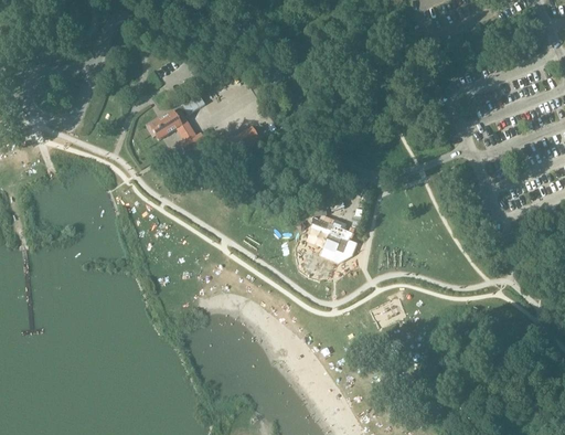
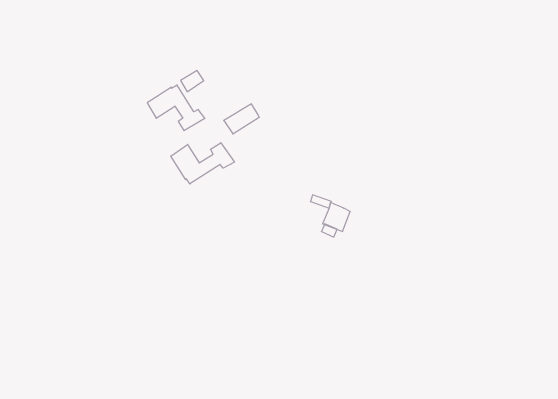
building: none -> [171,143,234,184]

